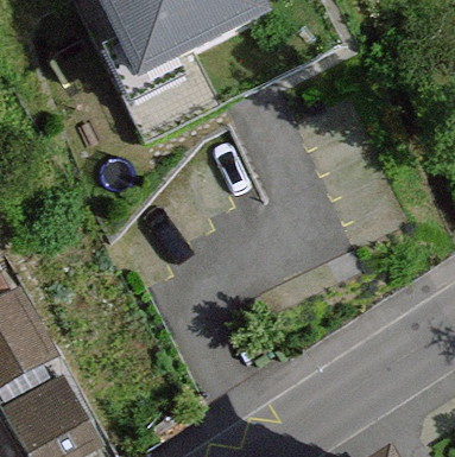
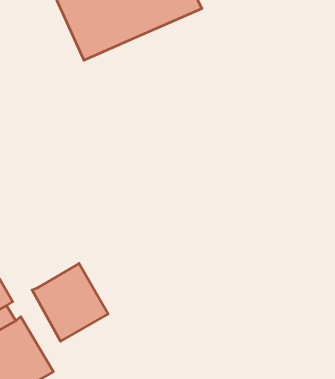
building: none -> [32,263,108,341]

